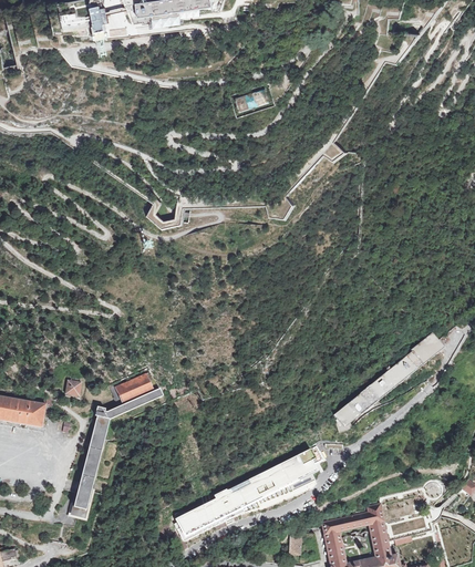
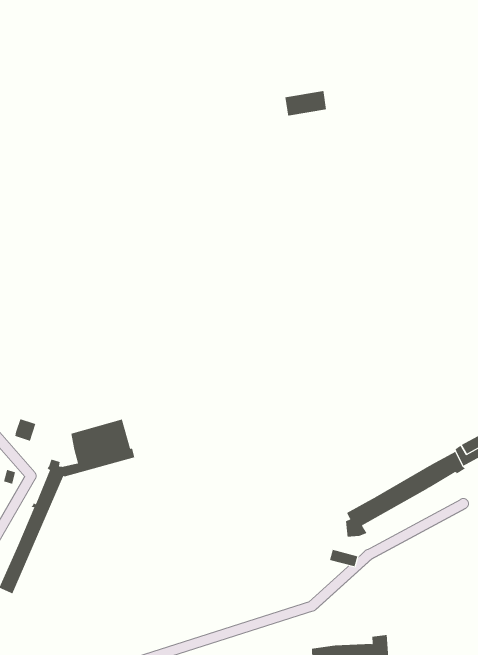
building: [176,446,323,537] -> none

